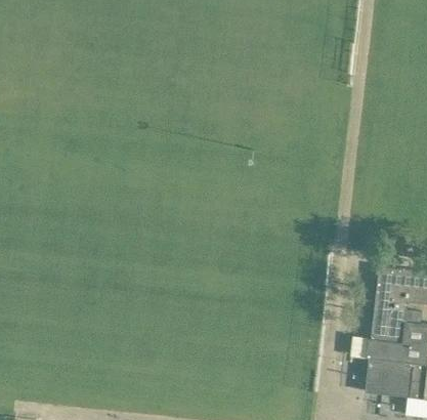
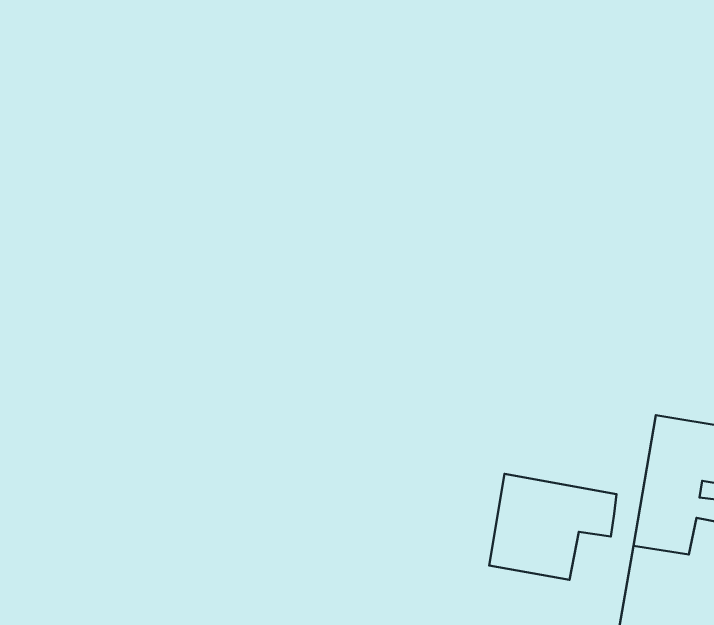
building: none -> [489,474,617,580]

